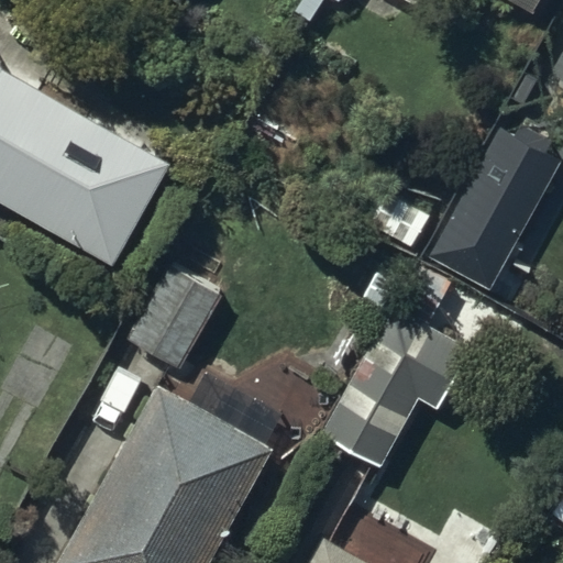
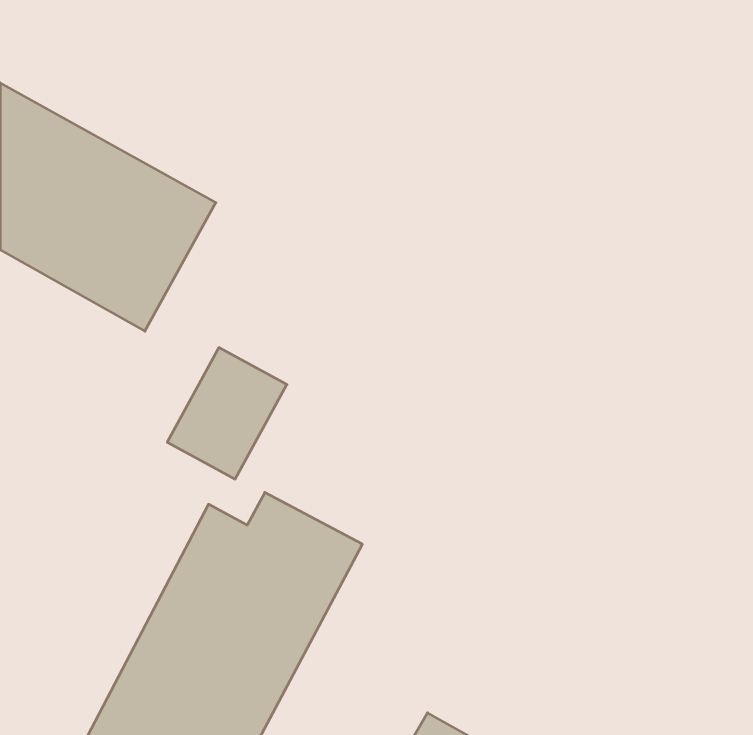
building: [431,135,556,291] -> none
building: [328,306,472,462] -> none

